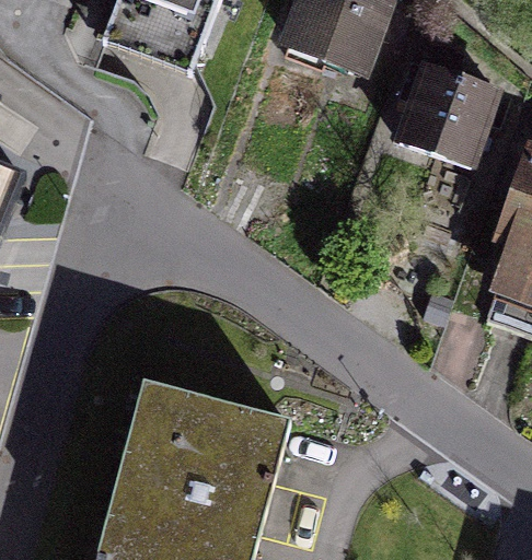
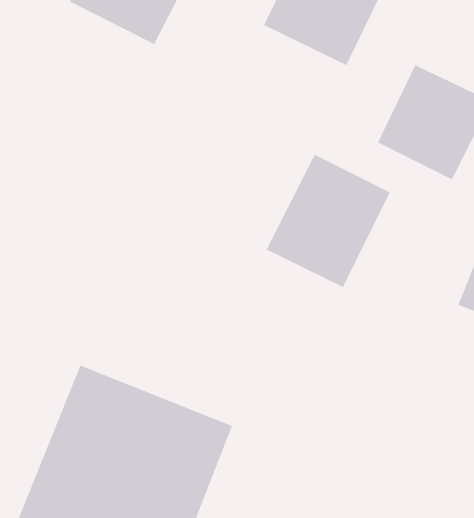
building: none -> [266,154,390,288]

